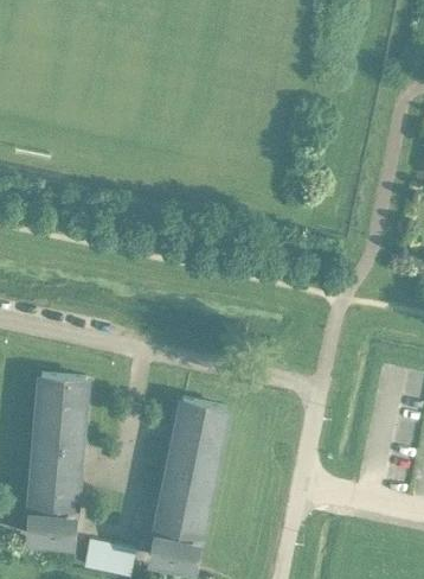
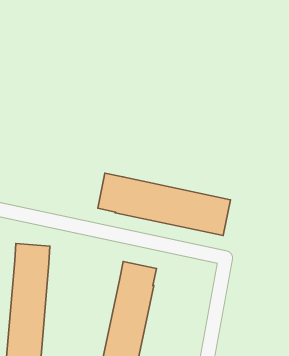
building: none -> [98,173,231,236]

